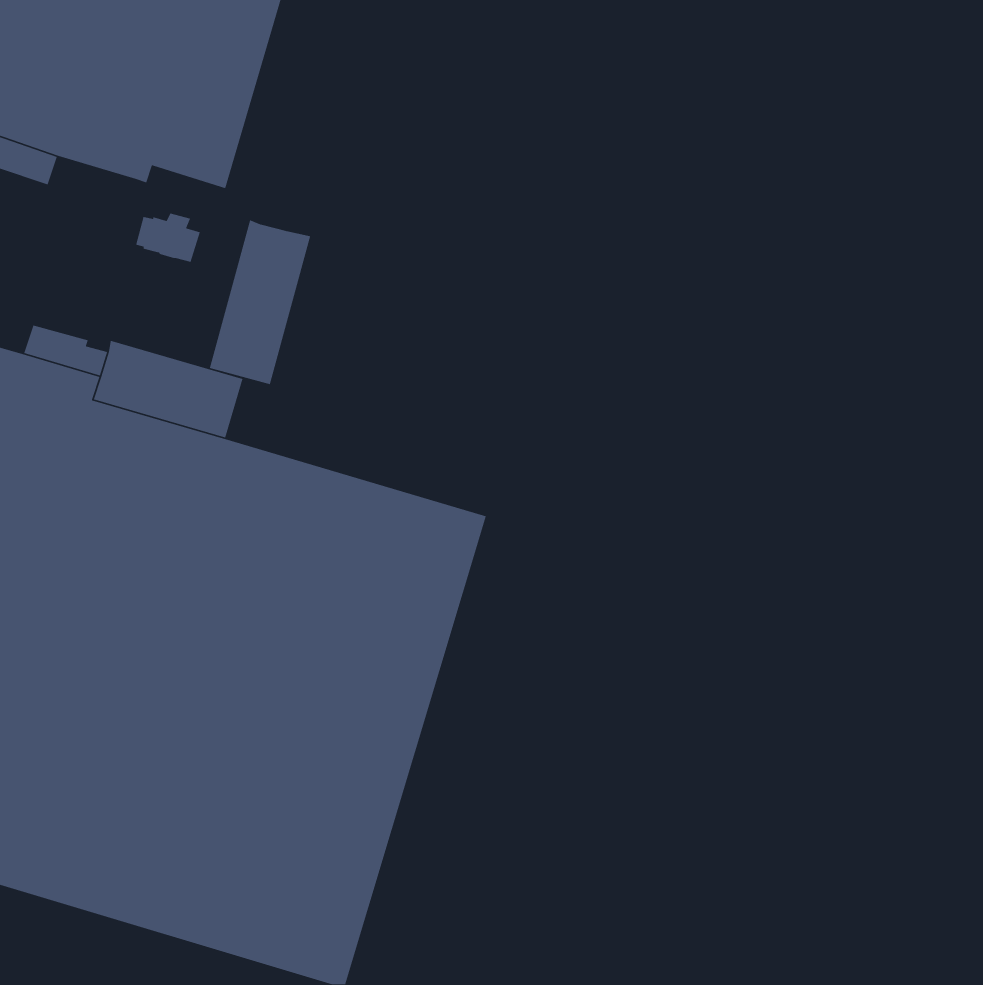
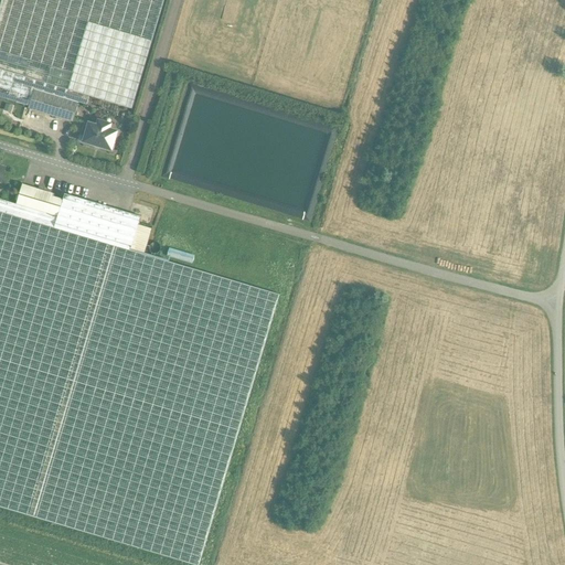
building: none -> [26,89,77,122]
building: [209,219,311,385] -> none

